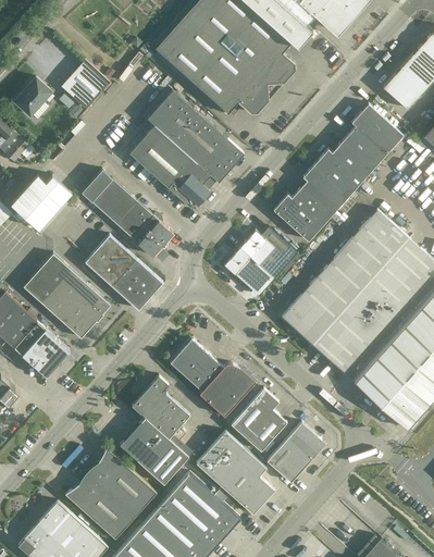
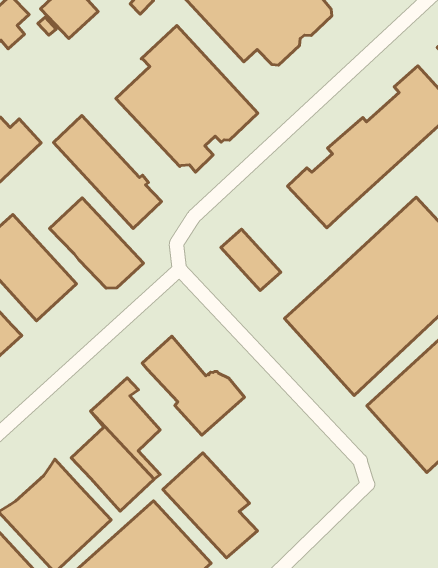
building: [239,225,298,280] -> none
building: [231,388,287,453] -> none
building: [266,423,325,484] -> none

